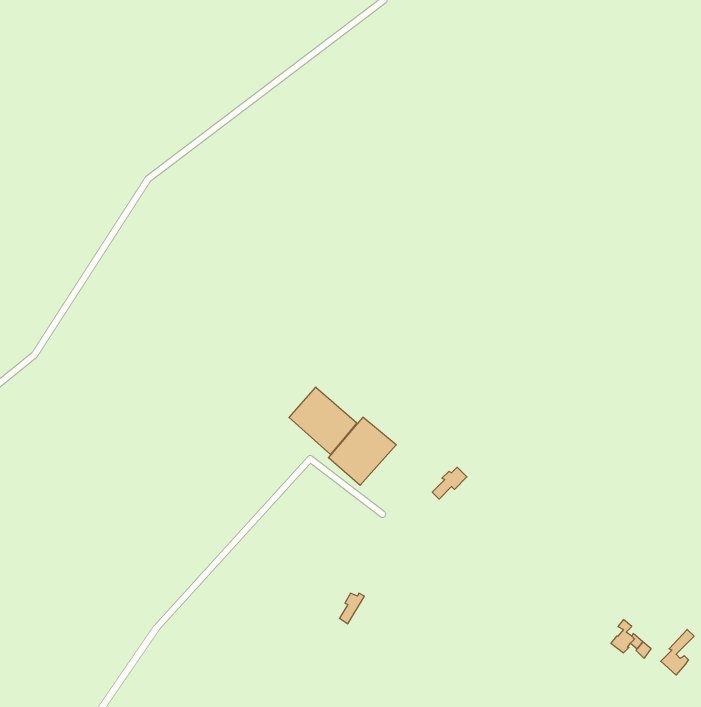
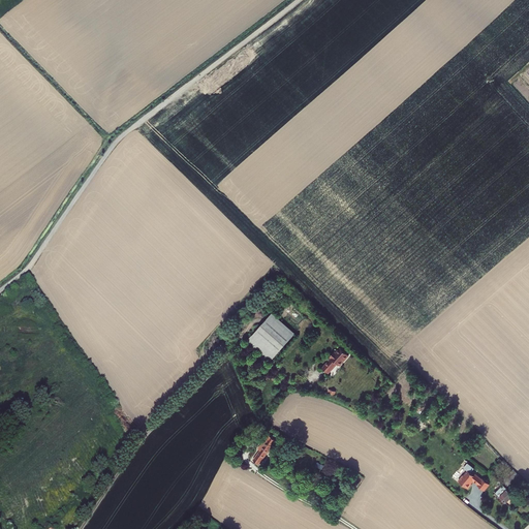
building: [289,387,357,455] -> none

